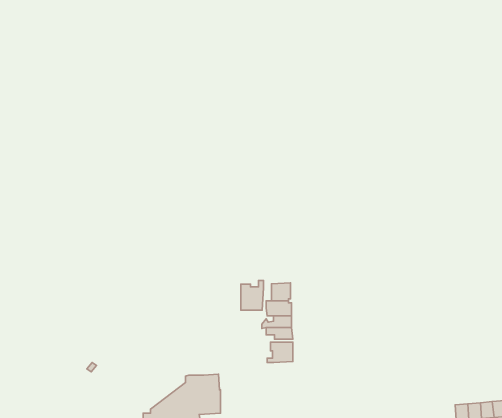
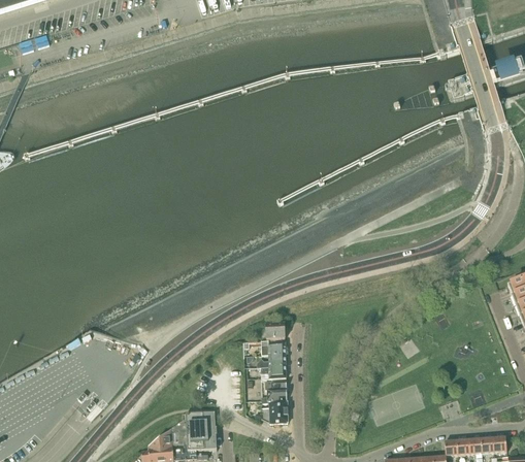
building: [241,281,263,310] -> none
building: none -> [261,400,288,422]

